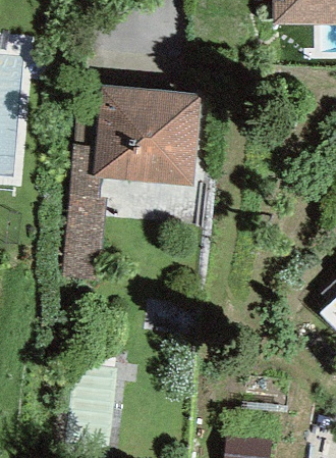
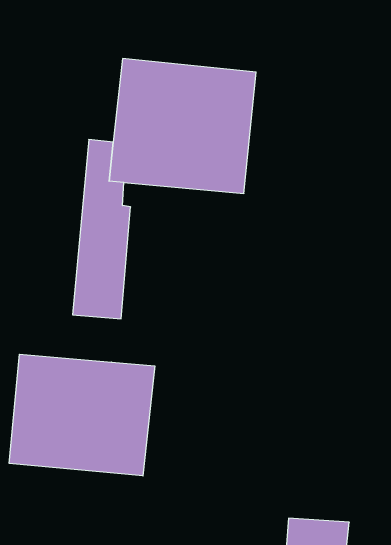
building: none -> [9,354,155,476]

